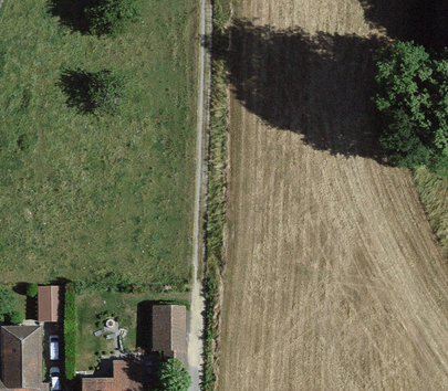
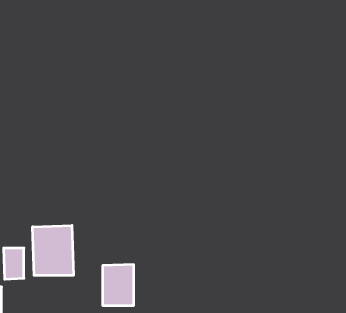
building: none -> [33,225,73,275]

